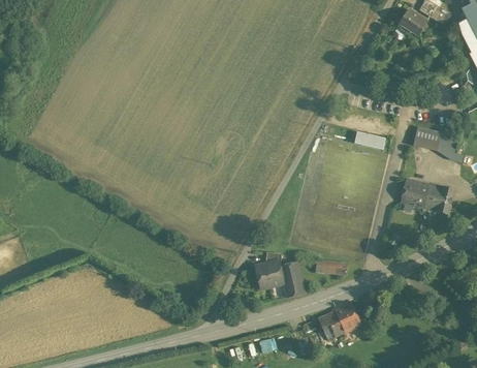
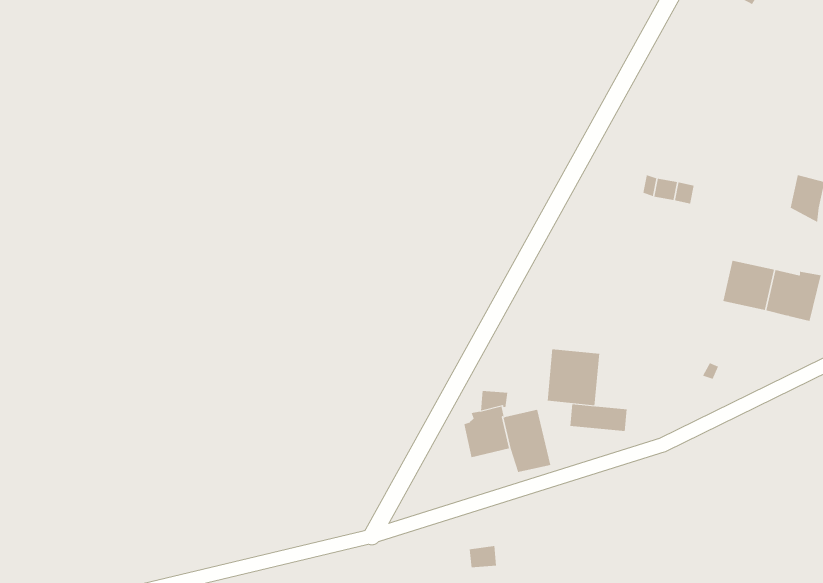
building: [414,127,442,151] -> none
building: none -> [547,348,600,406]
building: [318,304,360,340] -> none

